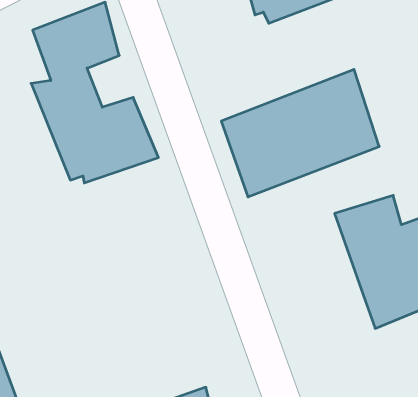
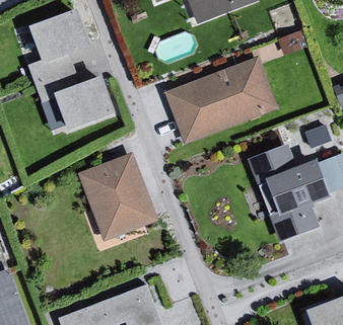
building: none -> [76,146,156,235]

